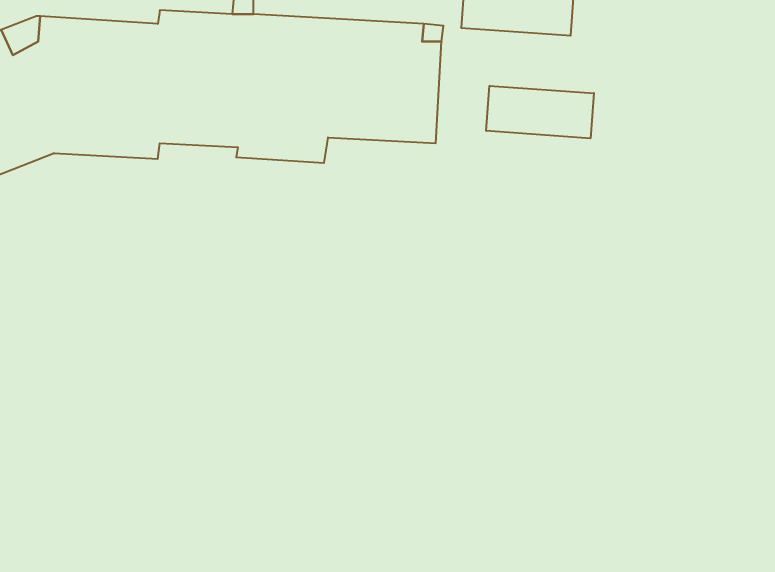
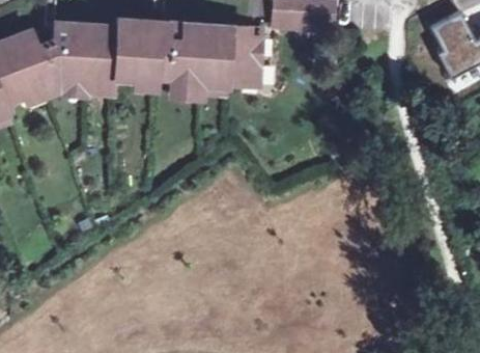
building: [486,86,594,138] -> none

